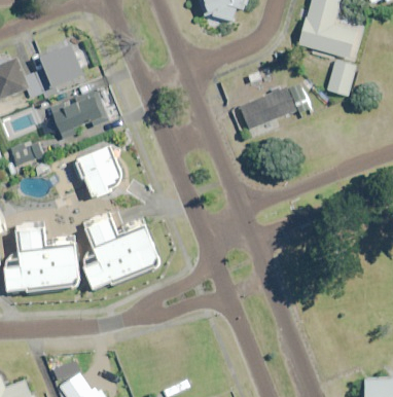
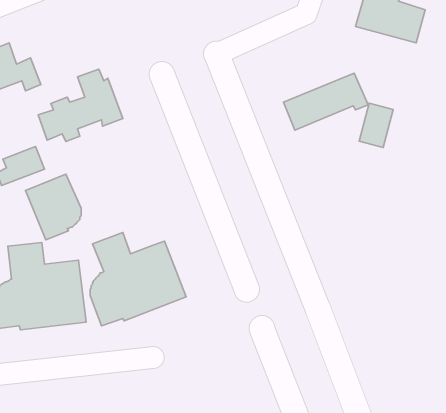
building: [40,45,83,87] -> none
building: [327,60,355,96] -> [359,103,393,147]
building: [76,145,121,198] -> [25,174,81,240]

